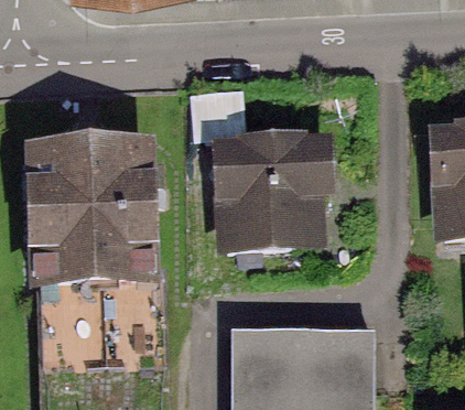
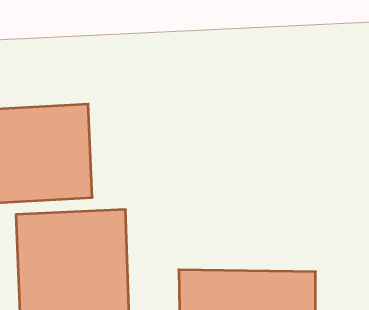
building: [219,138,322,246] -> none

